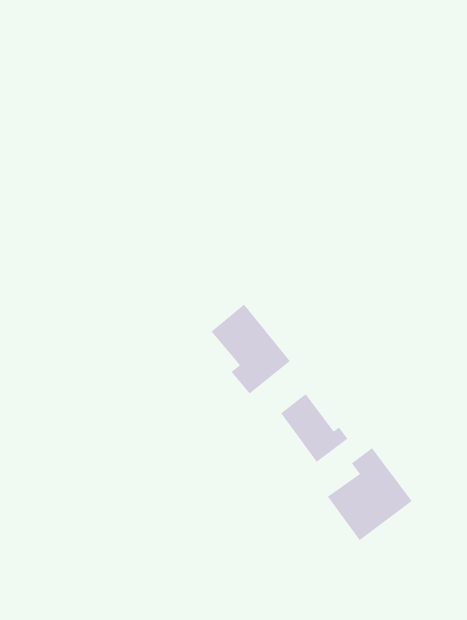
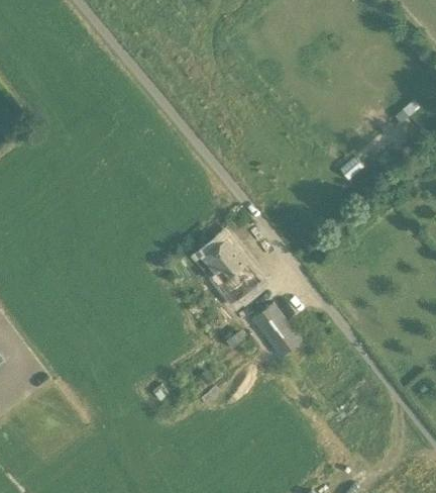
building: [327,447,413,541] -> none

